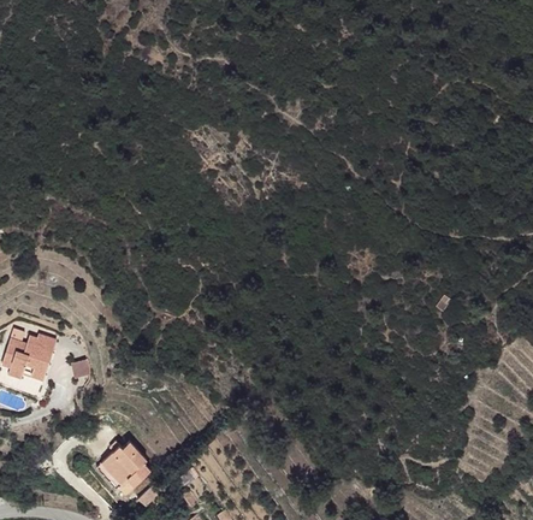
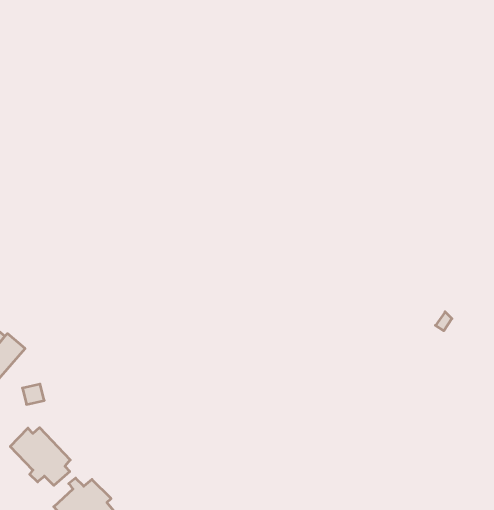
building: none -> [10,428,70,485]

